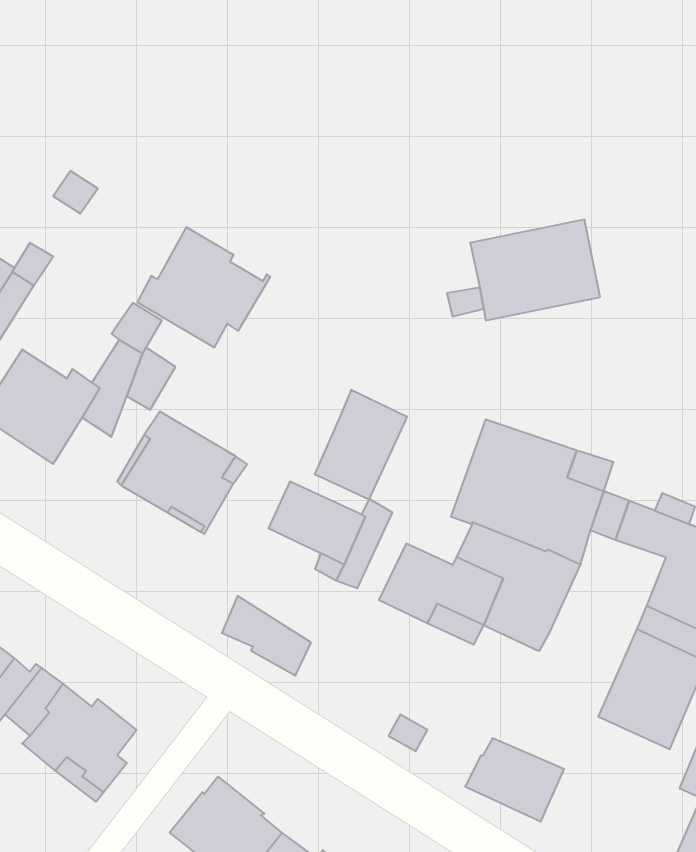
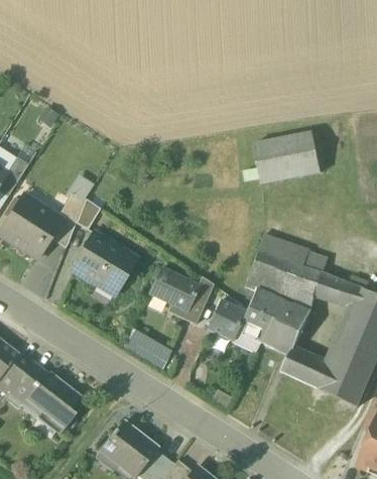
building: [138,227,270,348] -> none
building: [315,390,407,500] -> none
building: [465,738,564,822] -> [280,346,332,389]

